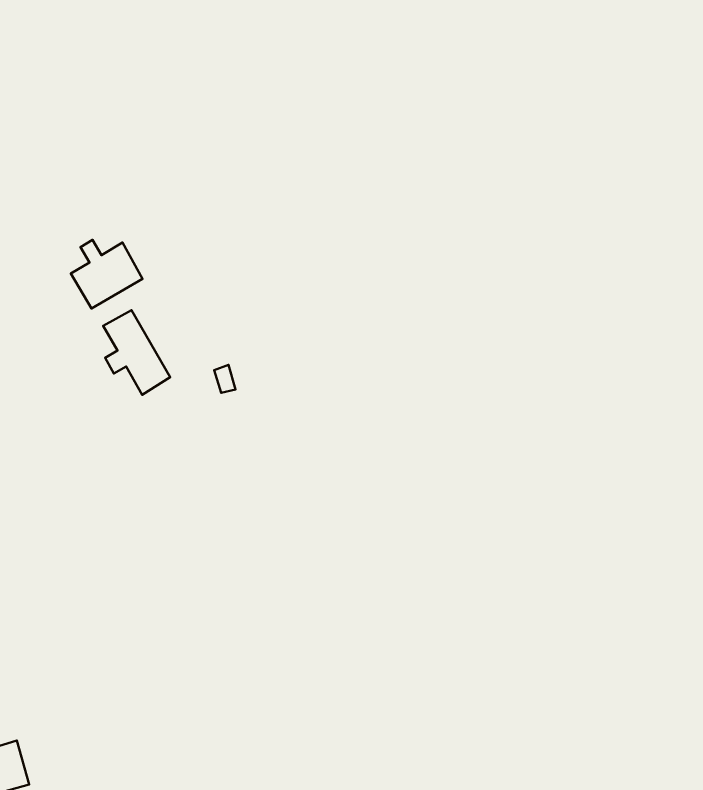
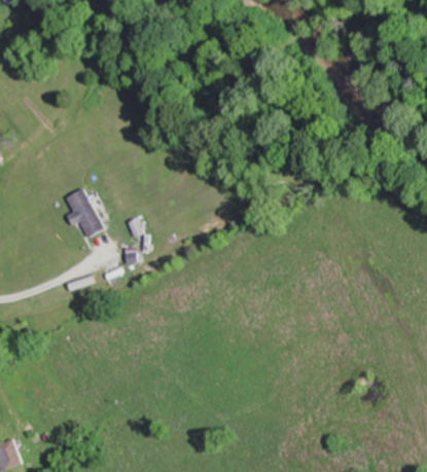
building: [71,240,143,309] -> none

